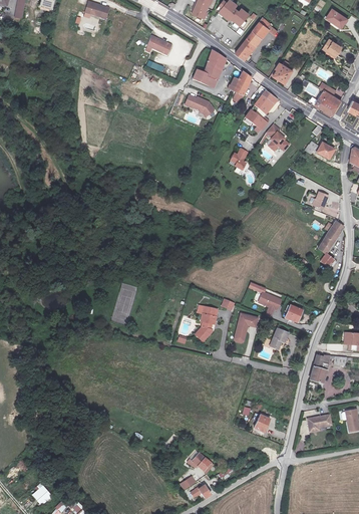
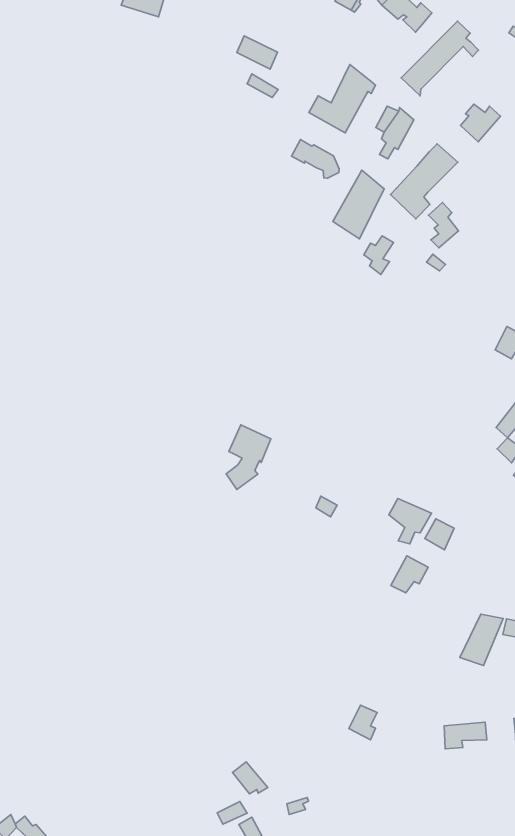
building: none -> [333,170,384,239]
building: [192,305,215,342] -> [226,425,271,489]
building: [236,313,261,345] -> none

